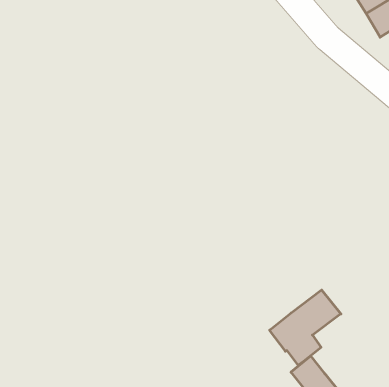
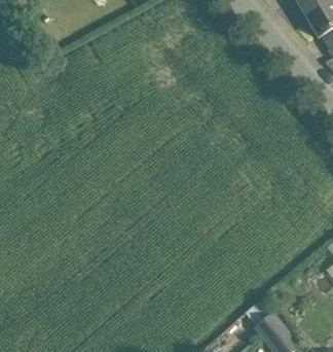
building: [270,290,341,365] -> none

